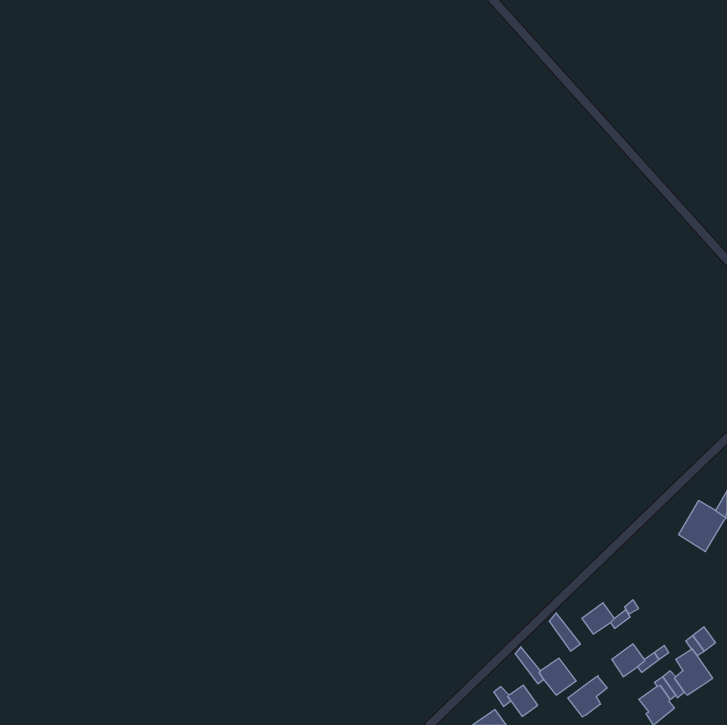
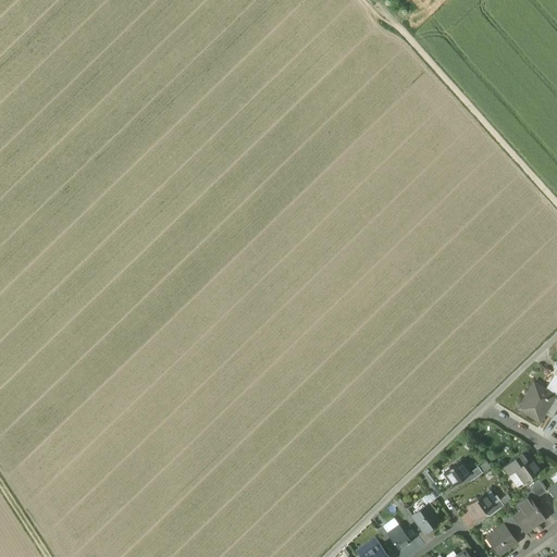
building: none -> [504,454,542,483]
building: [568,676,607,717] -> none

